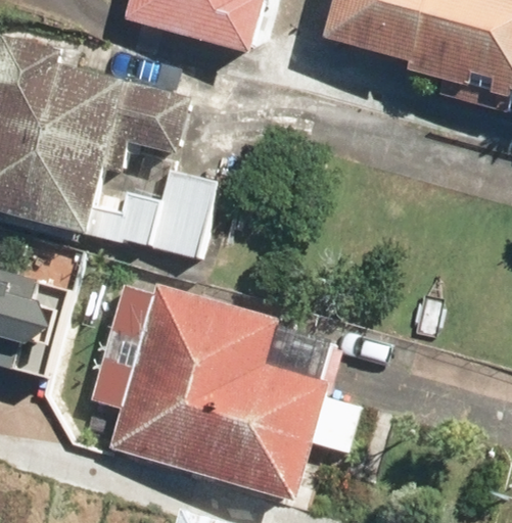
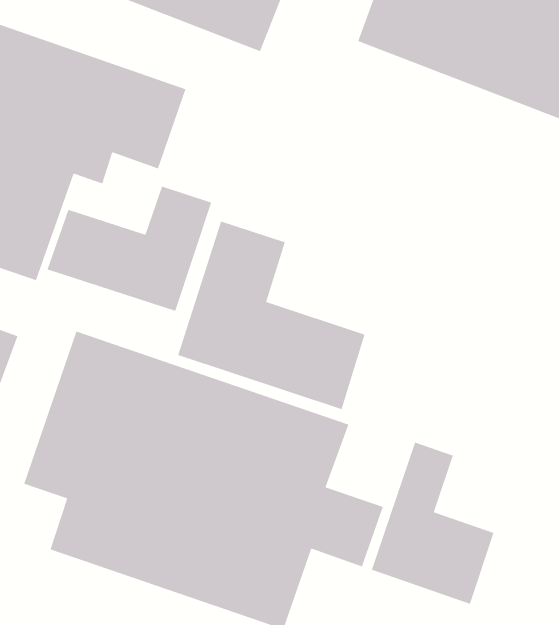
building: none -> [177,221,366,410]
building: none -> [371,442,494,605]

